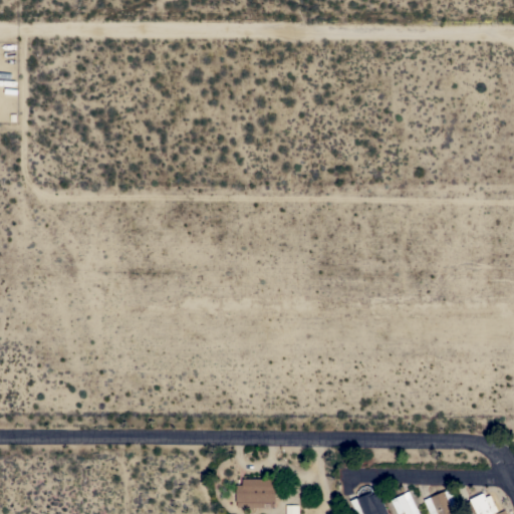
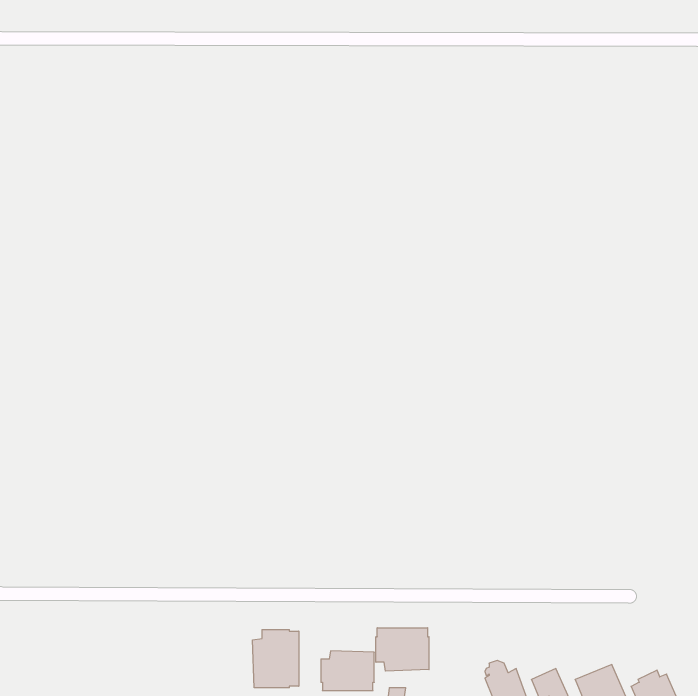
building: none -> [376,628,429,671]
building: none -> [253,630,299,688]

